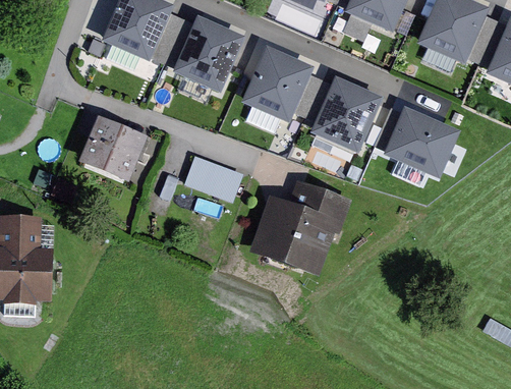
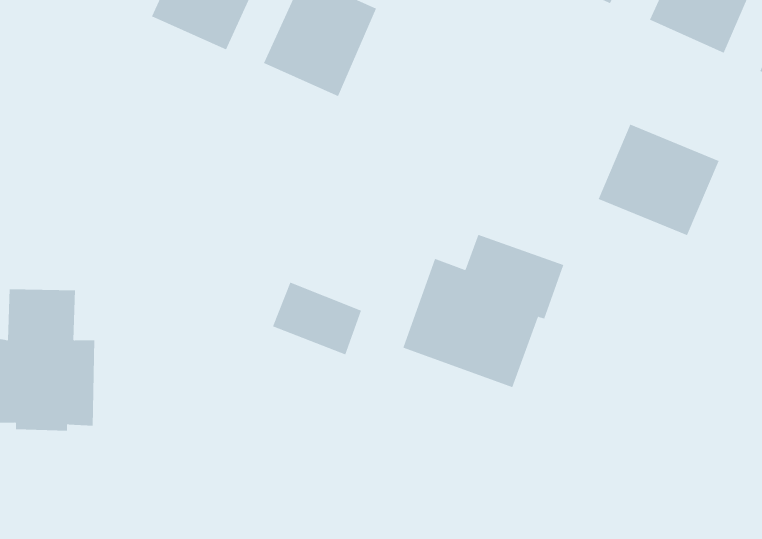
building: [239,46,313,123] -> none
building: [308,76,382,154] -> none
building: [90,115,159,183] -> none
building: [192,155,249,202] -> [272,282,362,355]

